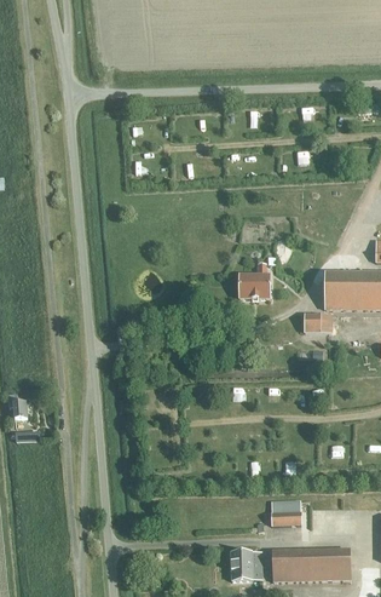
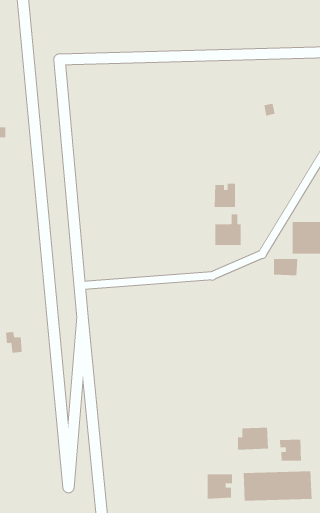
building: none -> [214,183,236,208]
building: none -> [280,439,302,462]

